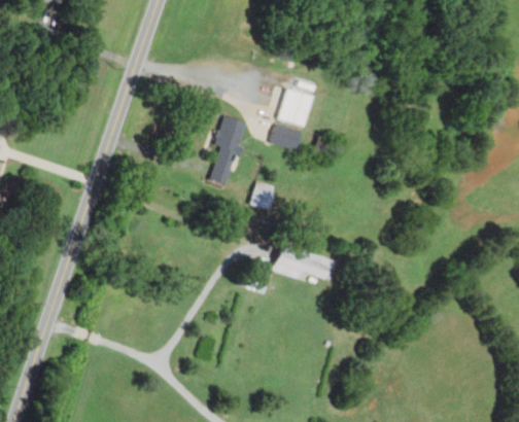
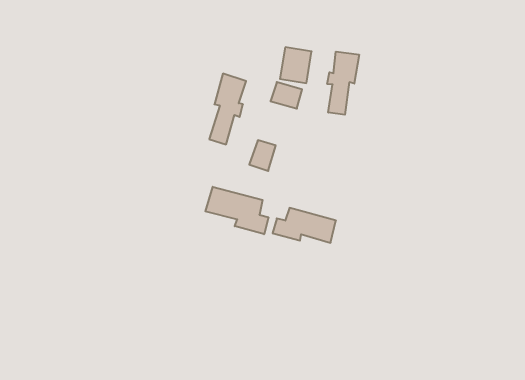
building: none -> [327,52,359,115]
building: none -> [205,187,268,234]

